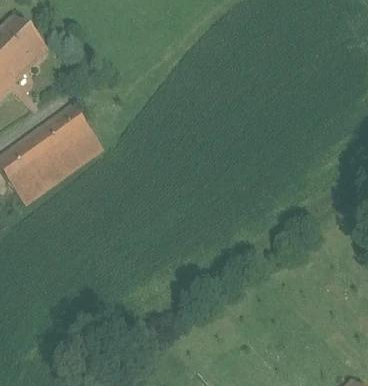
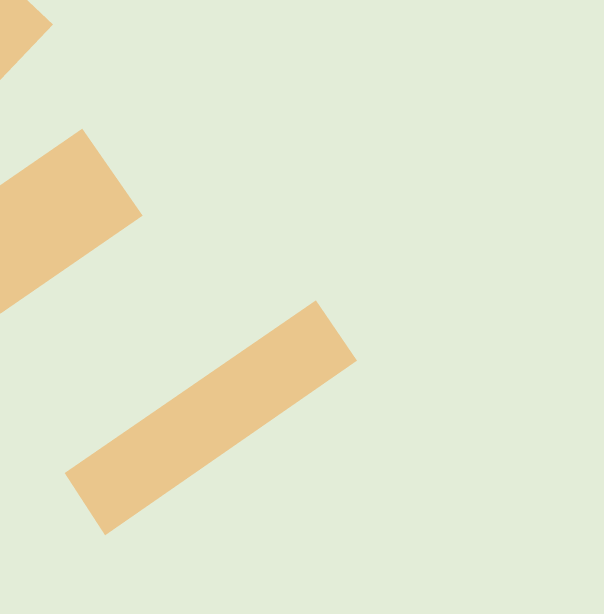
building: none -> [63,299,358,536]

